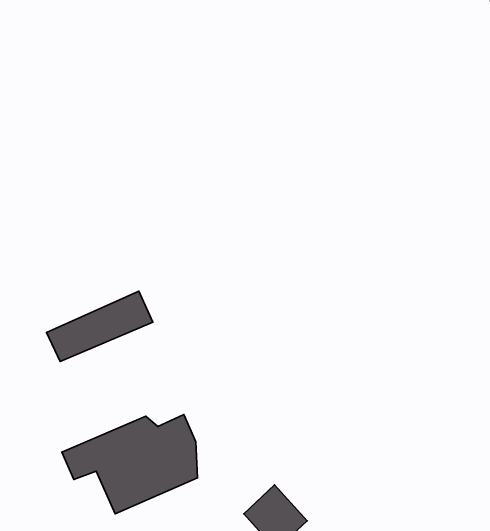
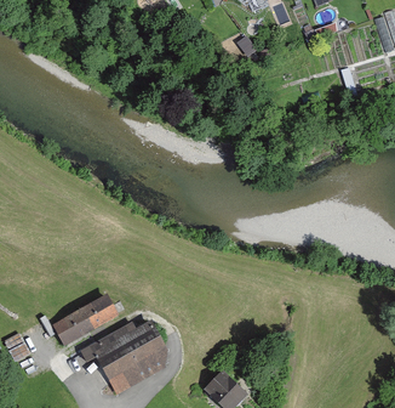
building: [46,291,153,361] -> [50,290,125,340]

